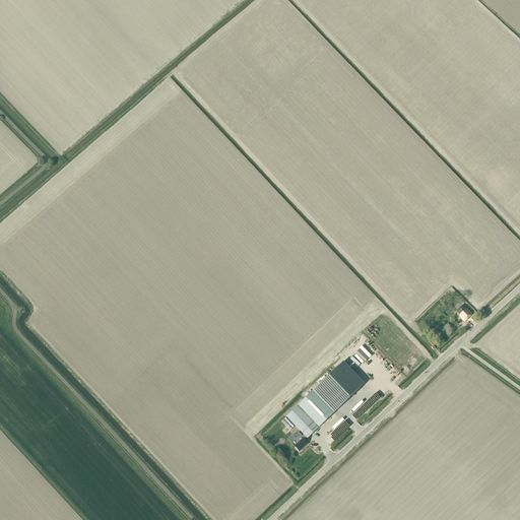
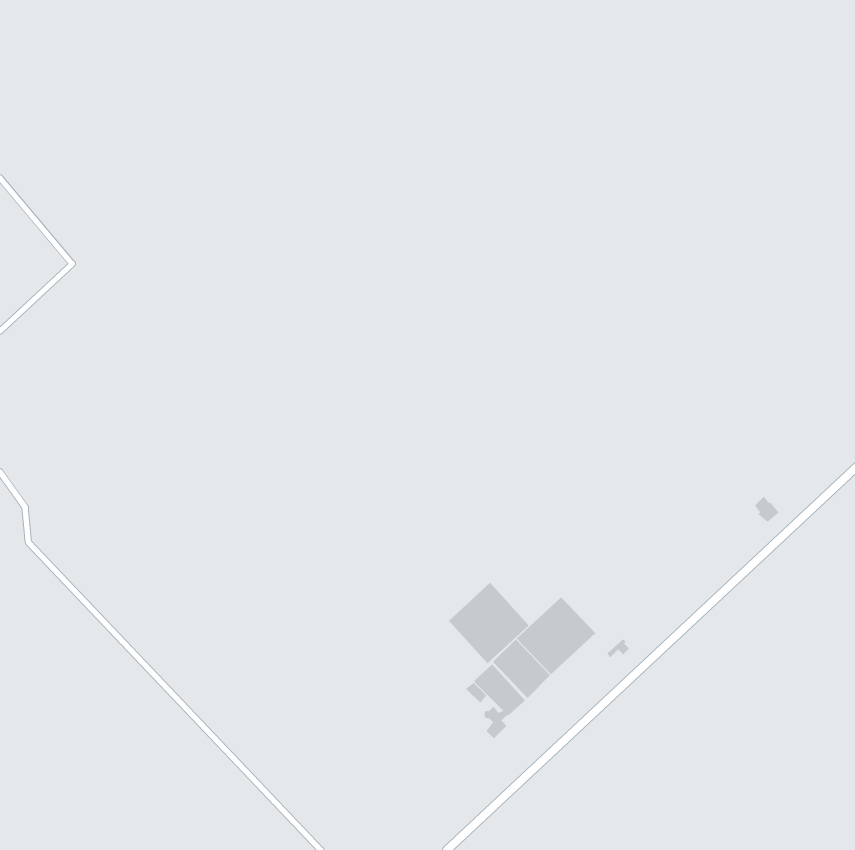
building: none -> [448,582,530,664]

